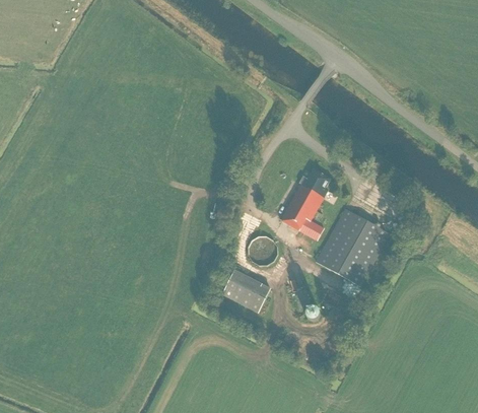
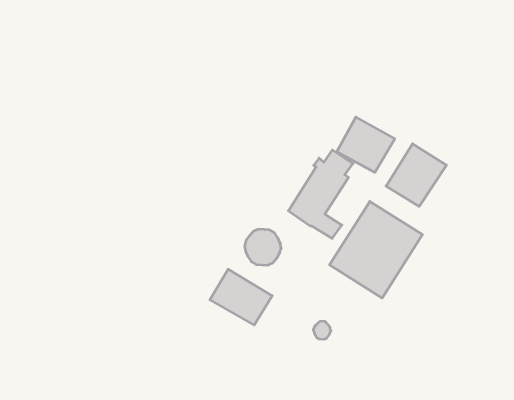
building: none -> [337,117,395,172]
building: none -> [386,144,446,206]

